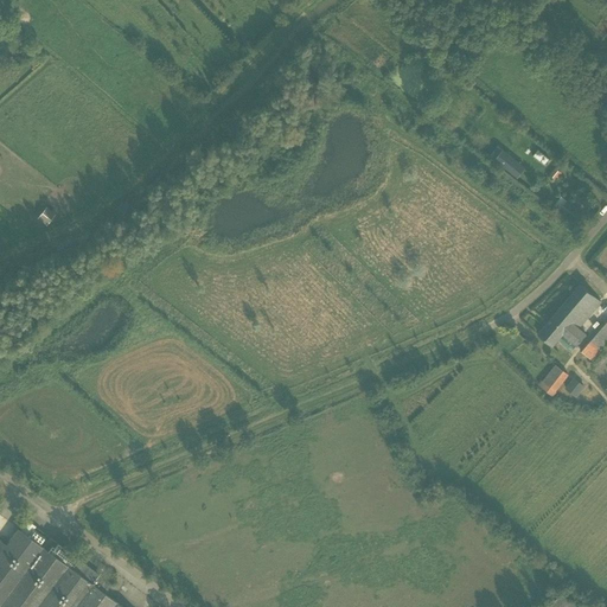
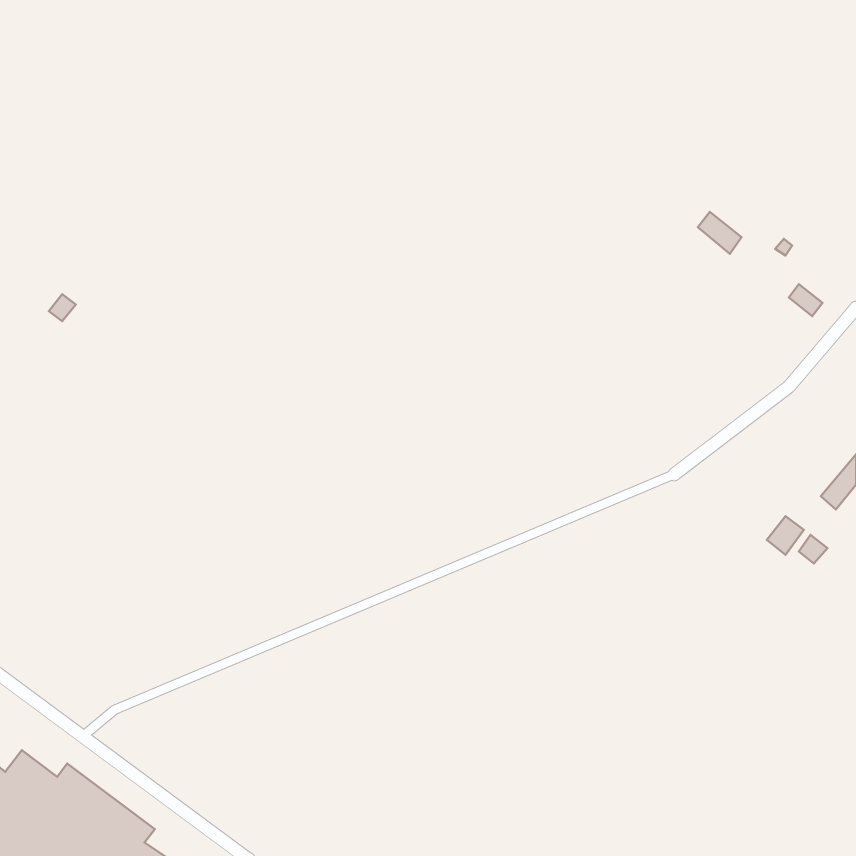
building: [536,287,599,350] -> none

